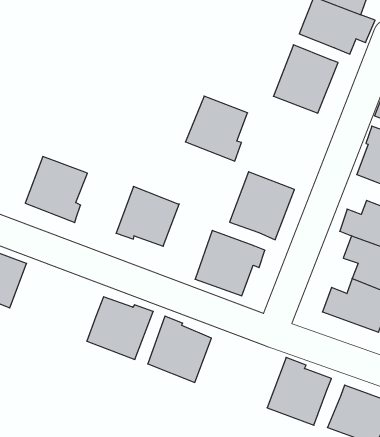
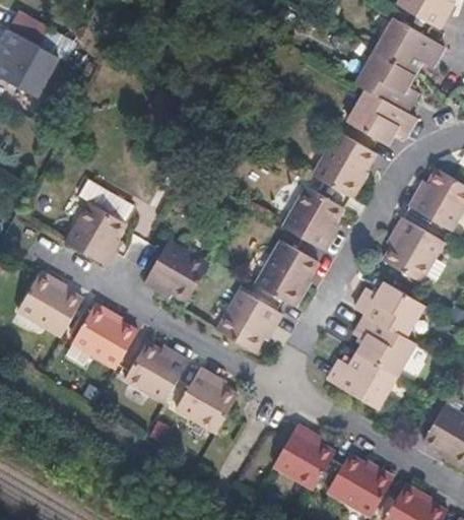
building: [185,96,248,161] -> [285,184,347,249]
building: none -> [51,297,117,360]

